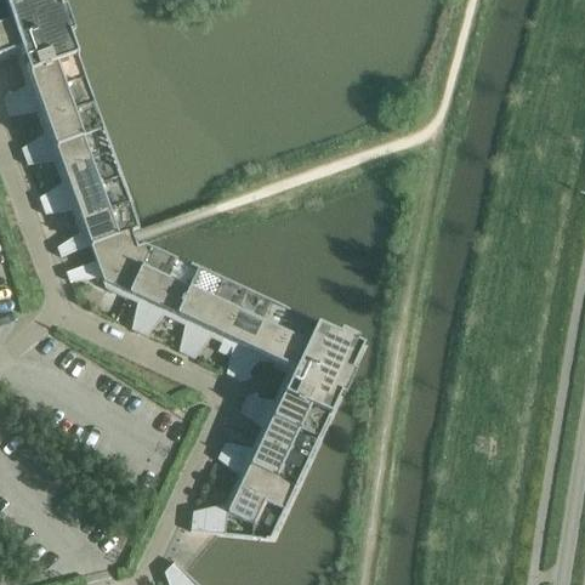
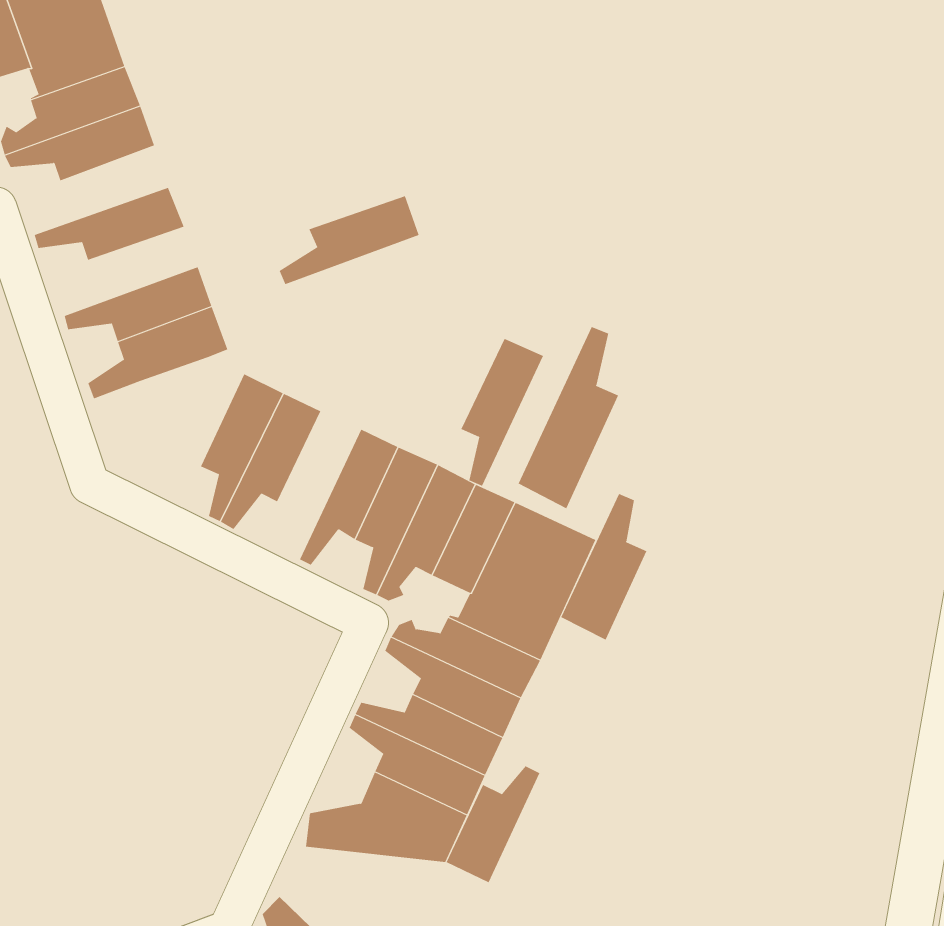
building: [19,101,106,155] -> none
building: [38,150,124,205] -> [279,196,419,285]
building: none -> [518,326,619,509]
building: [64,231,152,297] -> none
building: [172,263,223,354] -> [461,338,544,487]
building: none -> [561,493,647,641]
building: none -> [446,766,540,883]

